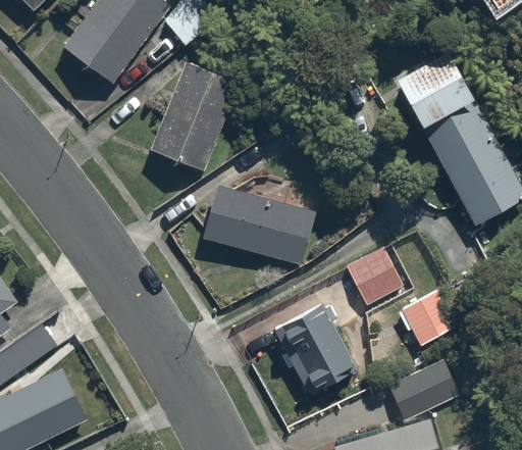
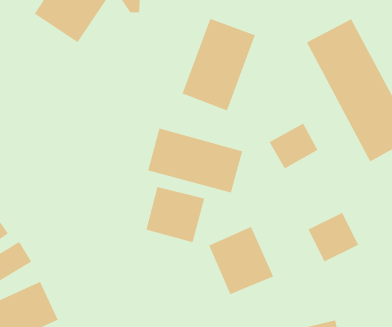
building: [149,58,240,172] -> [182,18,256,111]
building: [342,247,403,304] -> [269,123,319,169]
building: none -> [145,186,205,243]
building: [387,364,453,417] -> none

